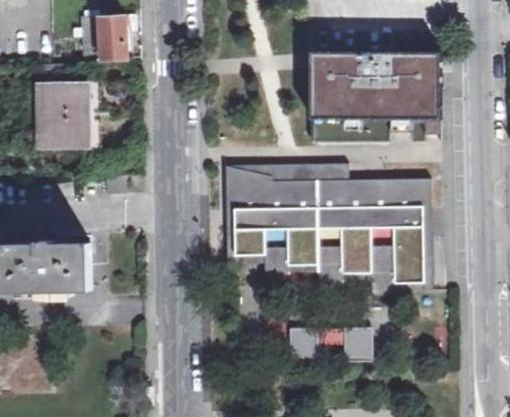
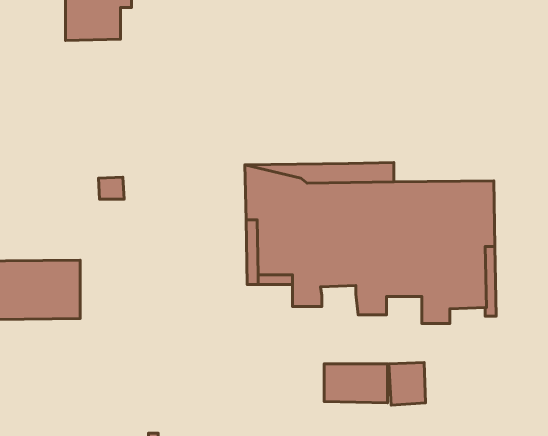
building: [310,49,442,132] -> none
building: [35,64,86,147] -> none

